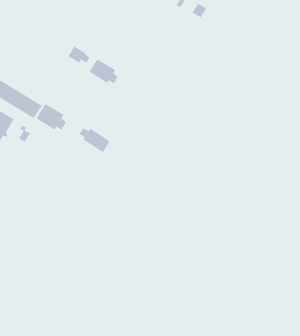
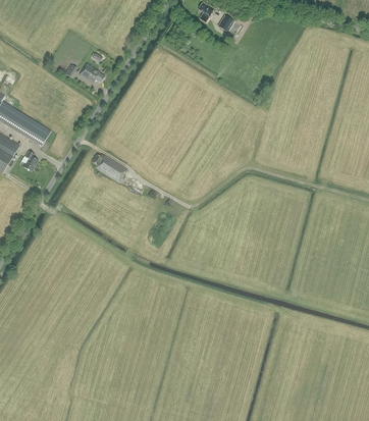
building: [89,58,119,84] -> none
building: [36,103,67,131] -> none

